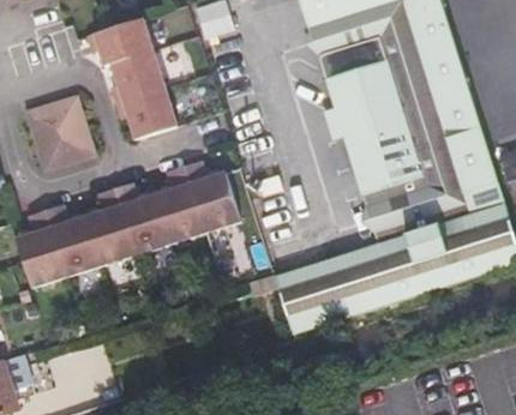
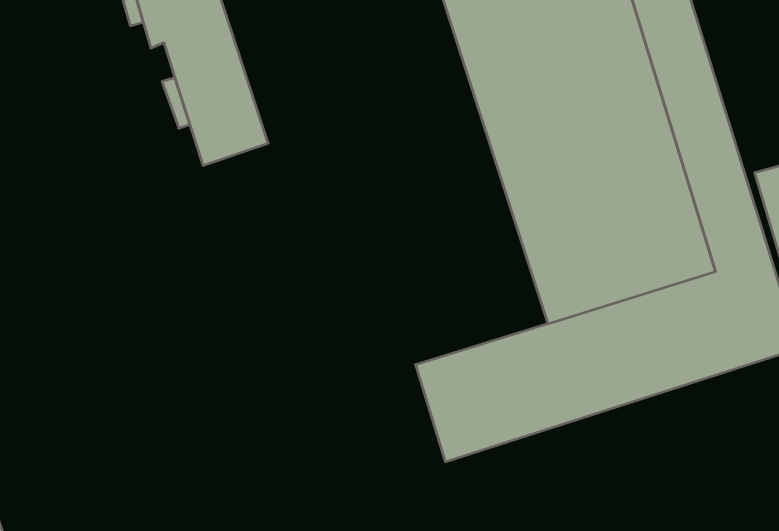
building: [26,97,97,174] -> none
building: [17,164,242,288] -> none

